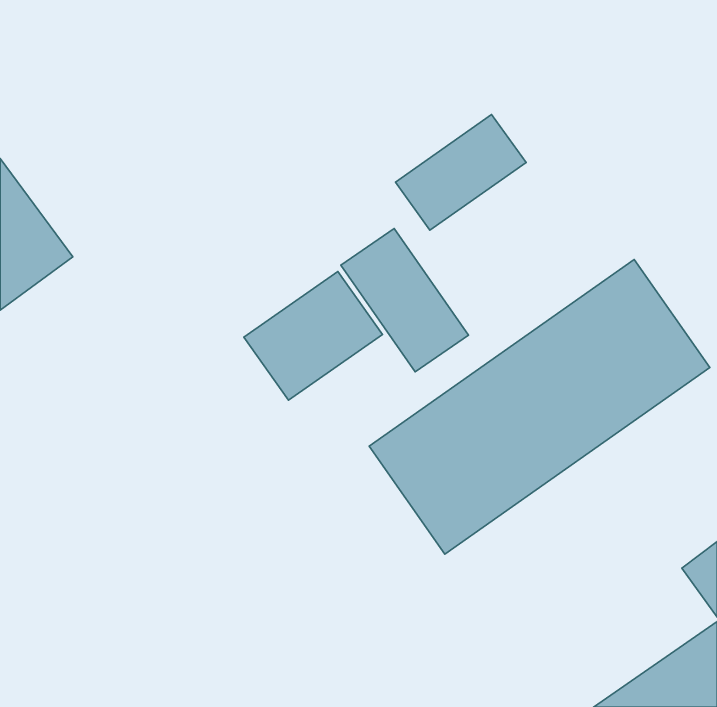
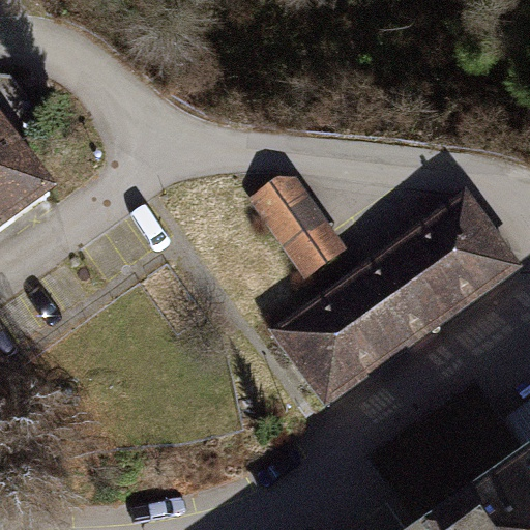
building: [395,115,526,230] -> none
building: [244,272,383,400] -> none

